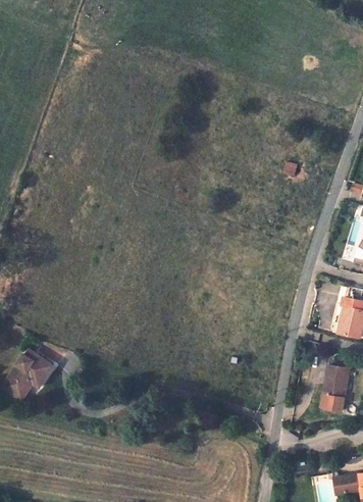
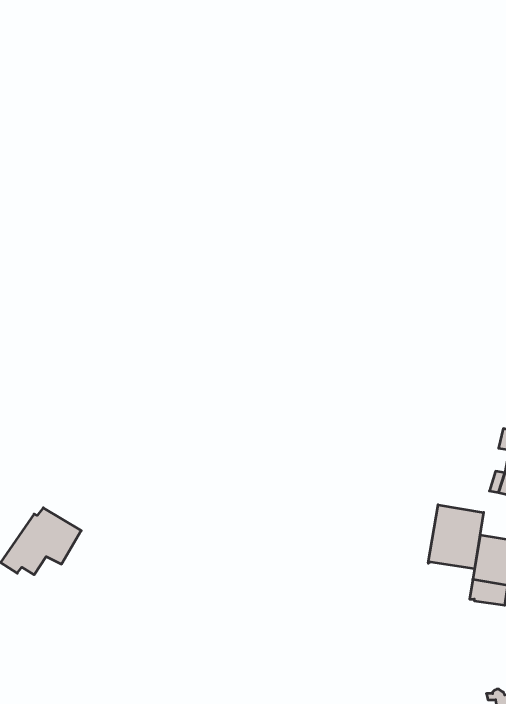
building: none -> [428,505,484,569]

